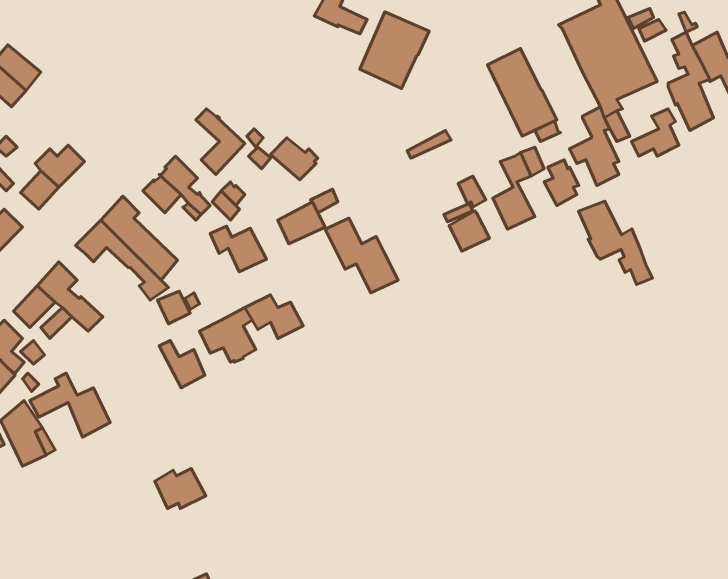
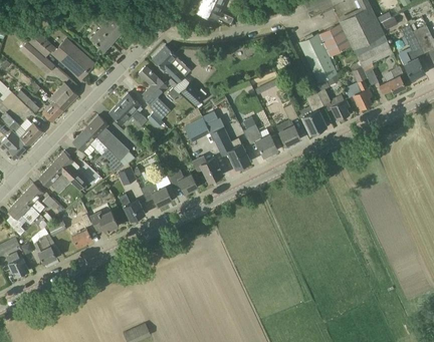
building: [360,12,429,88] -> none
building: none -> [90,18,124,50]
building: none -> [317,23,352,57]
building: none -> [52,39,92,77]
building: none -> [153,46,190,82]
building: none -> [243,117,277,156]
building: [578,201,652,285] -> none
building: [210,226,267,272] -> [192,156,223,182]
building: [155,468,206,509] -> [90,211,119,233]

